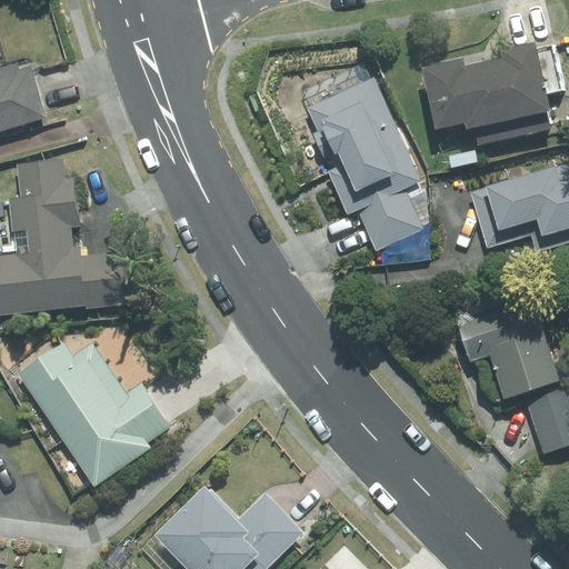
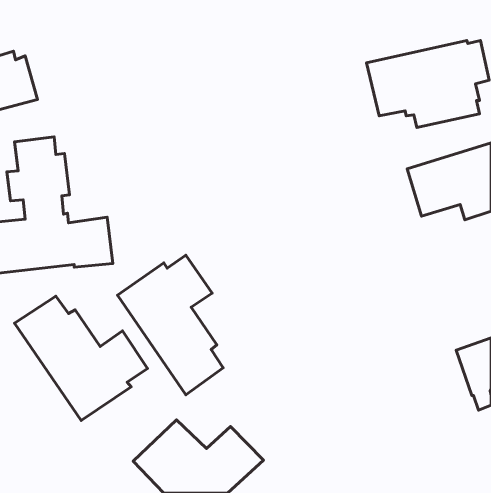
building: [307,78,423,252] -> none
building: none -> [117,255,223,395]
building: [457,298,558,401] -> none

